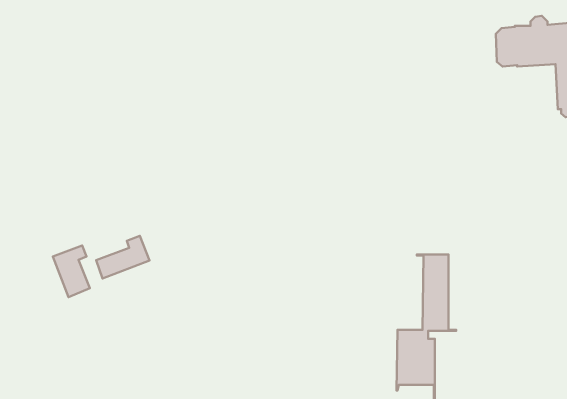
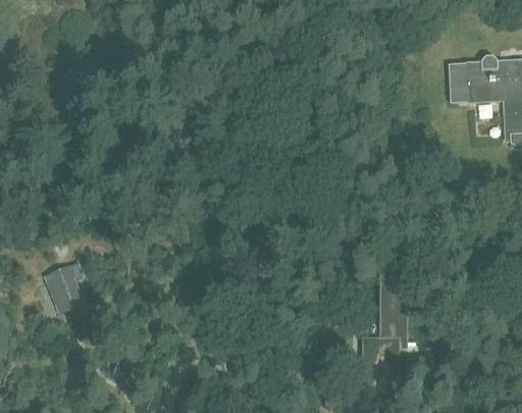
building: [96,236,150,279] -> none

